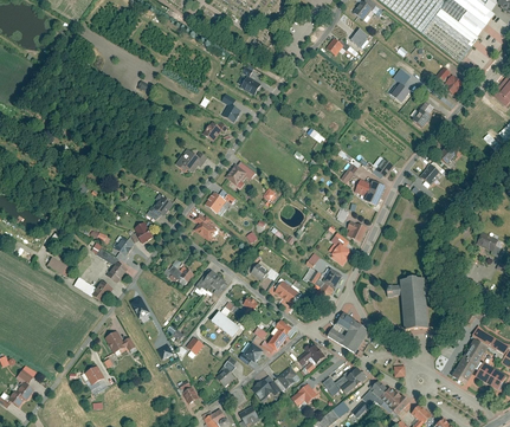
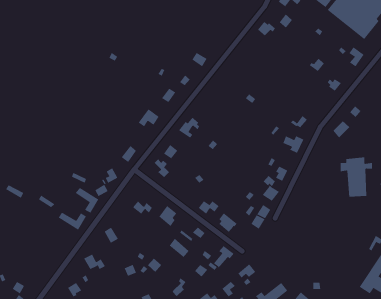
building: [393,277,434,328] -> [340,157,373,197]
building: [327,313,366,351] -> none

